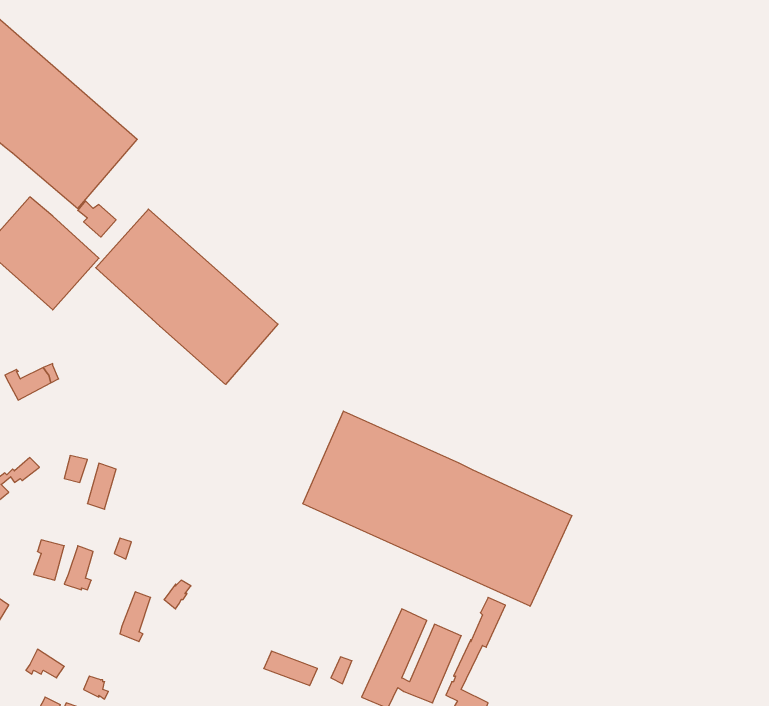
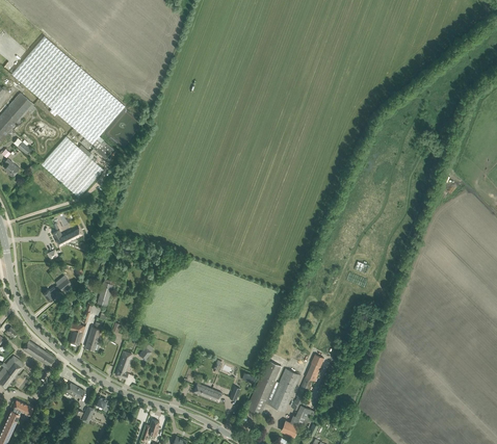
building: [96,209,278,384] -> none
building: [303,411,572,606] -> none

